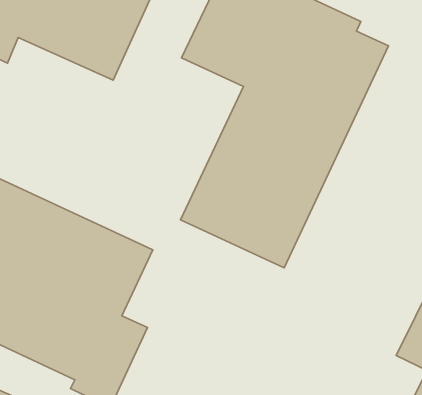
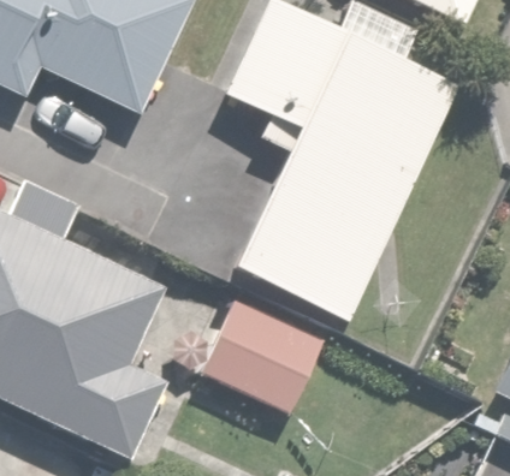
building: none -> [198,298,338,424]

